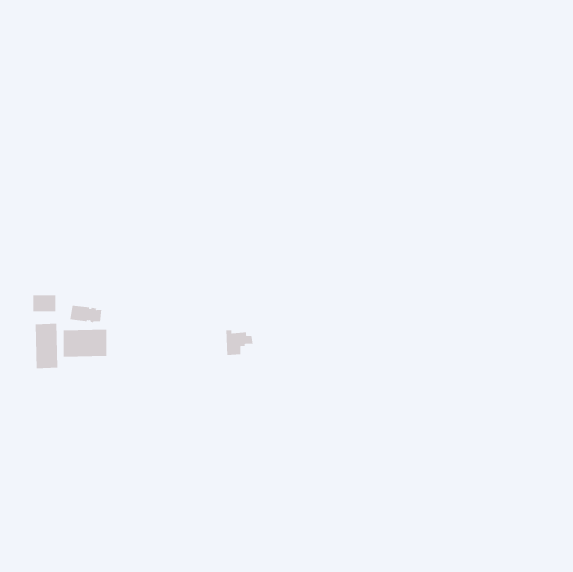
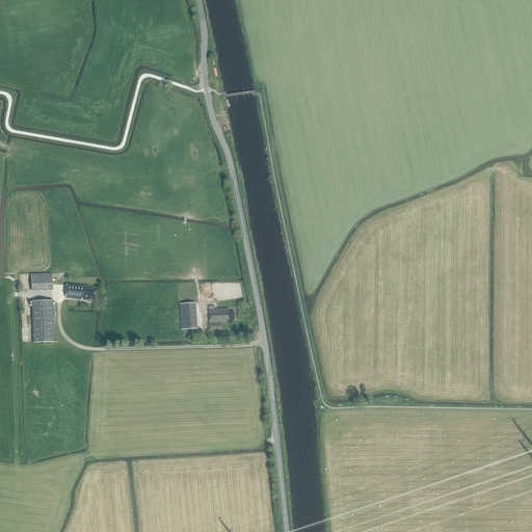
building: none -> [180,301,197,328]
building: [63,329,107,357] -> none

